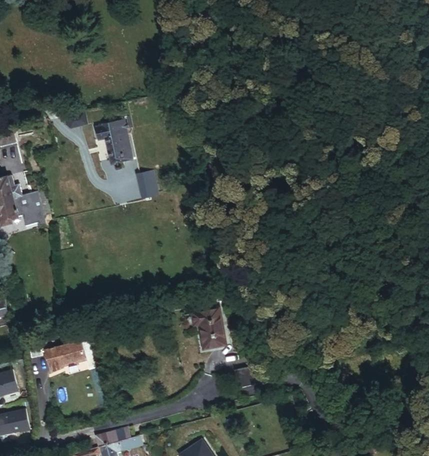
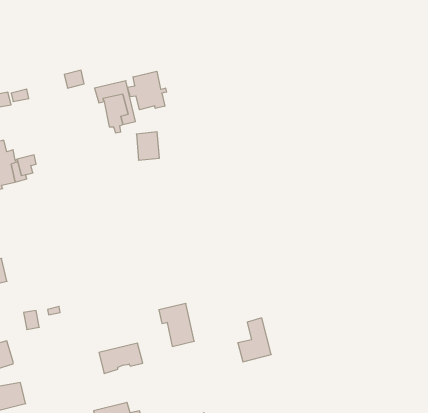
building: none -> [127,71,167,110]
building: [188,310,222,351] -> [159,304,194,346]
building: [46,341,88,370] -> [99,343,143,373]

